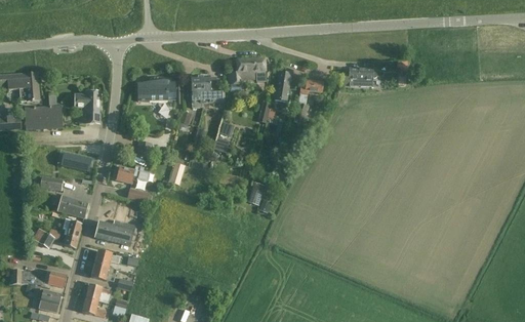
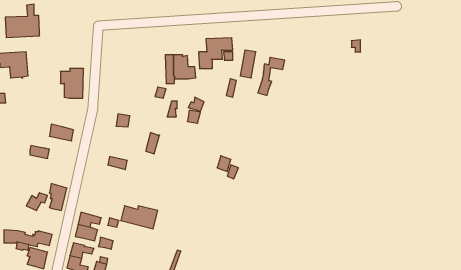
building: [344,67,376,86] -> none
building: [137,76,175,100] -> none
building: [25,93,63,130] -> [5,4,40,38]
building: [116,166,150,184] -> none
building: [57,196,88,218] -> none
building: [94,220,135,246] -> [121,206,158,229]

